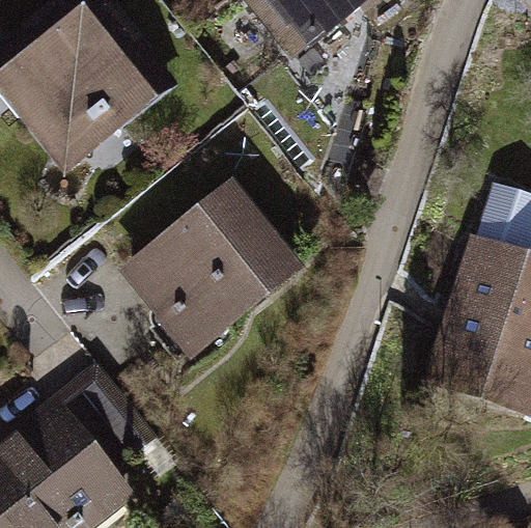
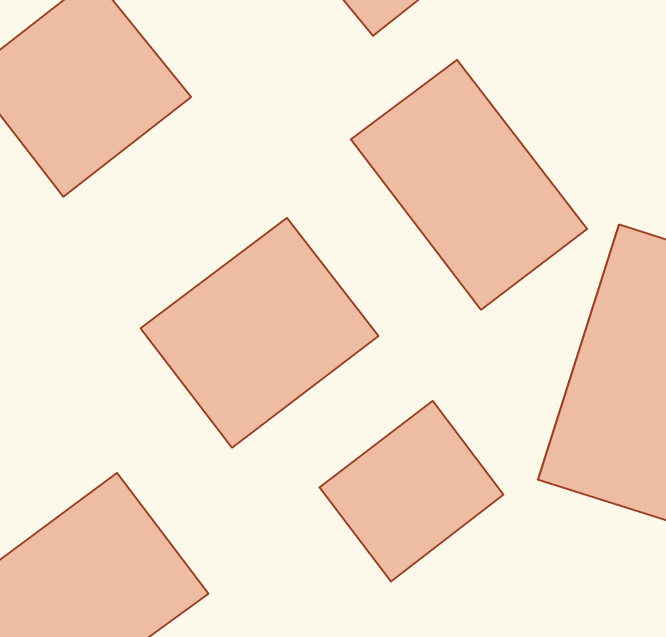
building: none -> [351,60,587,310]
building: none -> [319,401,503,582]

